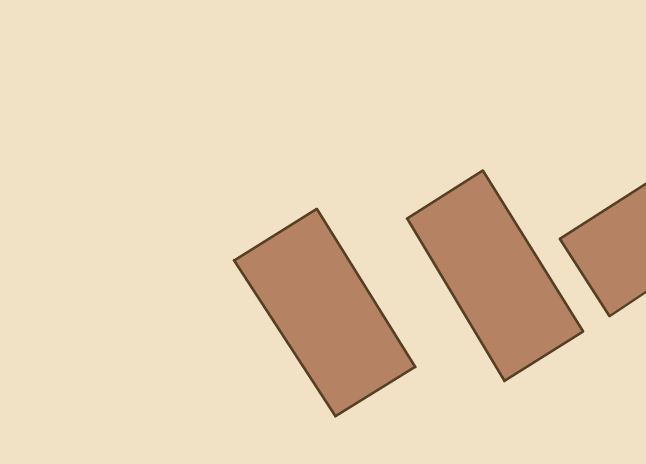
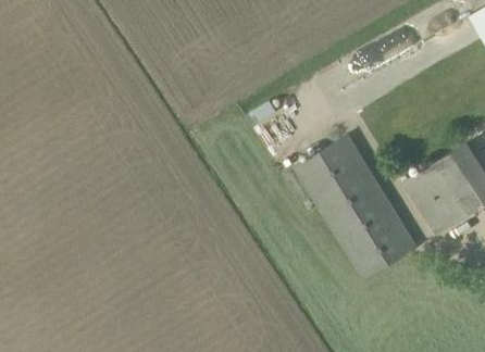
building: [234,209,415,416] -> none

